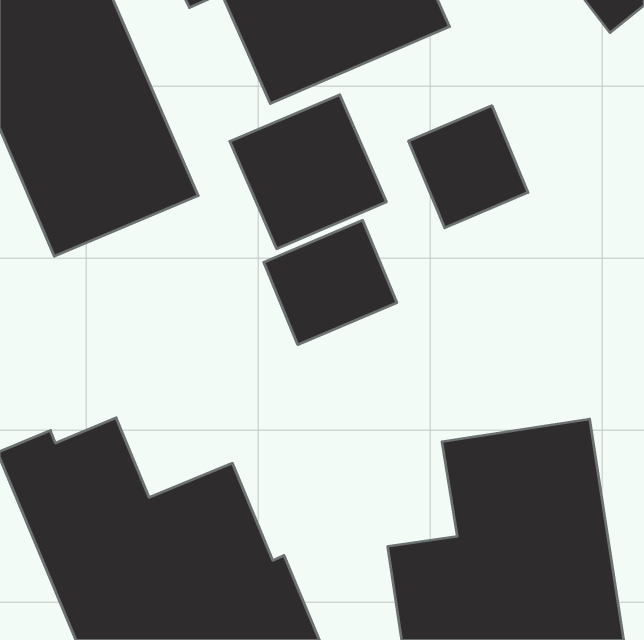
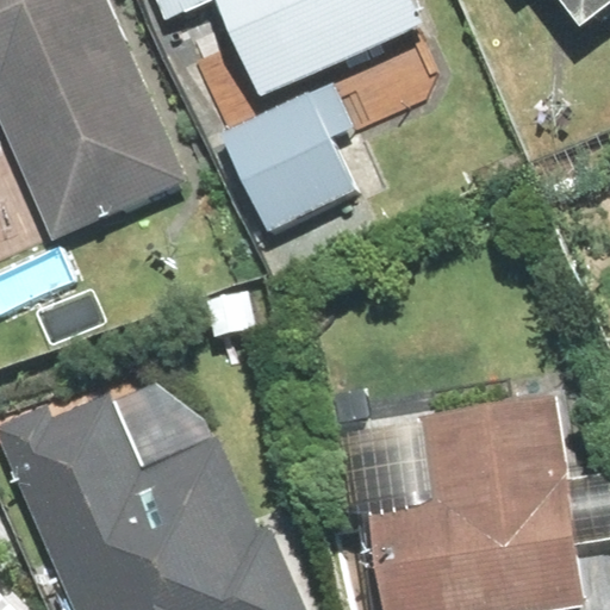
building: [409,106,528,228] -> none
building: [264,220,397,345] -> none

